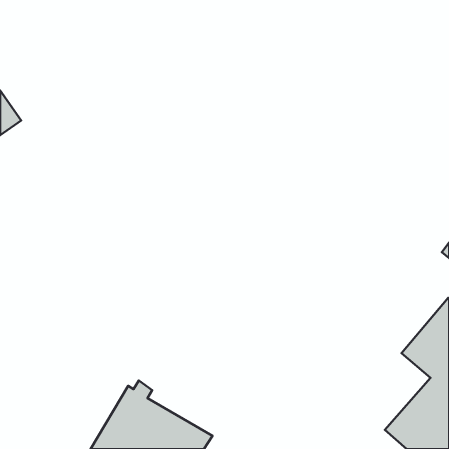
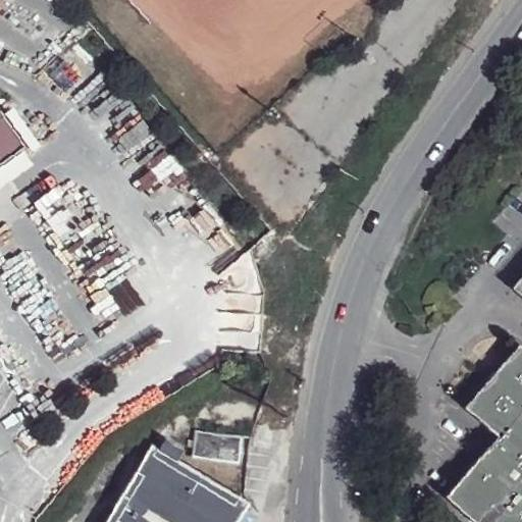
building: none -> [191,433,241,465]

